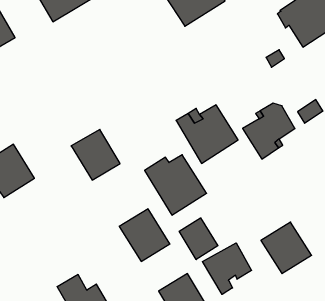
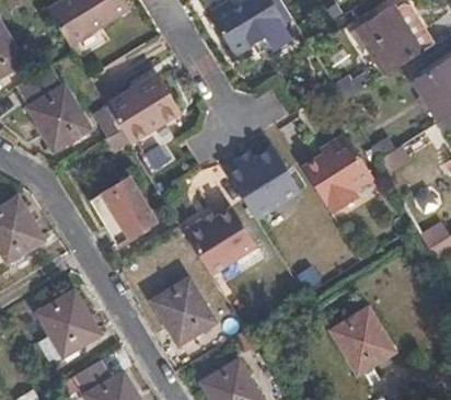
building: none -> [14,65,91,151]
building: none -> [105,70,177,139]
building: [179,218,218,260] -> none
building: none -> [38,290,104,364]
building: [202,243,252,294] -> none

